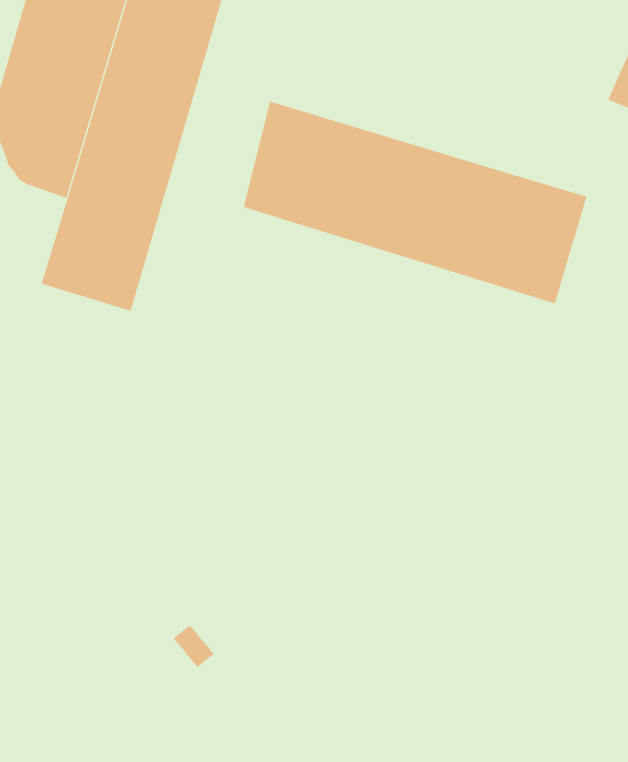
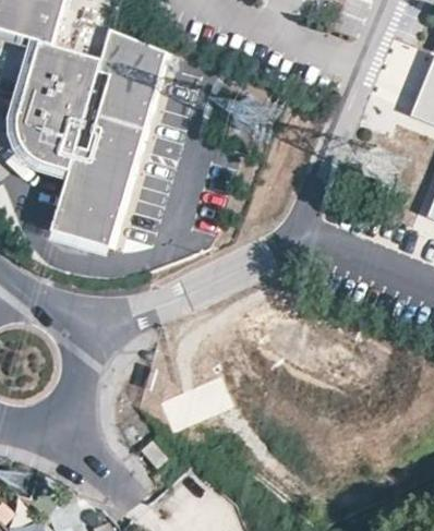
building: [243,101,587,304] -> none

